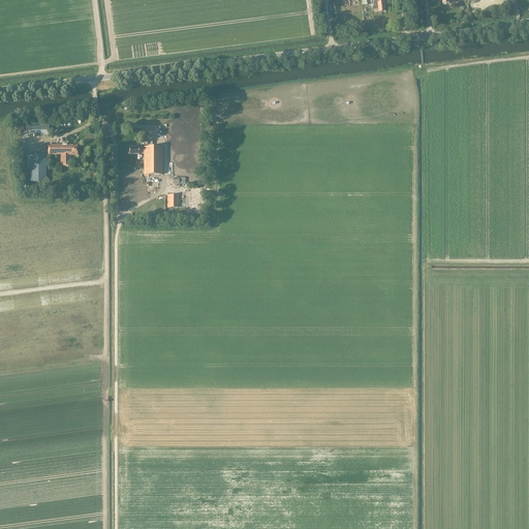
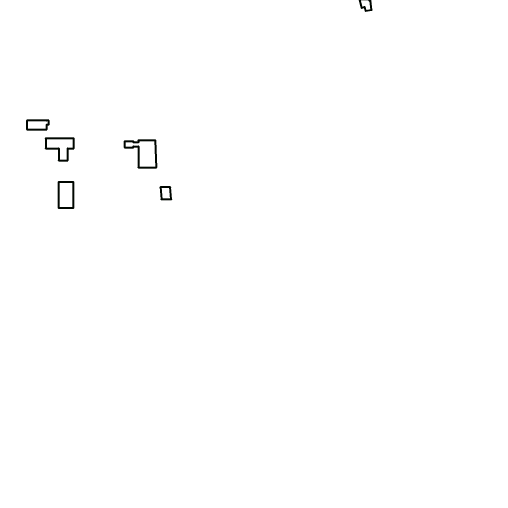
building: [31,154,46,181] -> [59,182,73,208]

